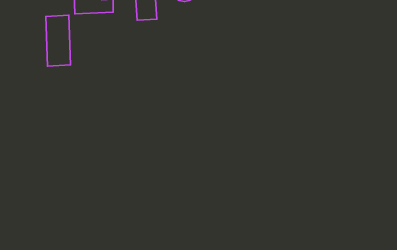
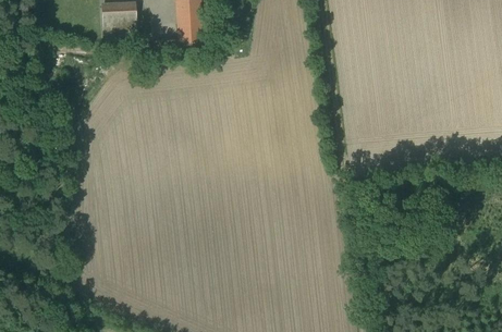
building: [46,15,70,66] -> none

